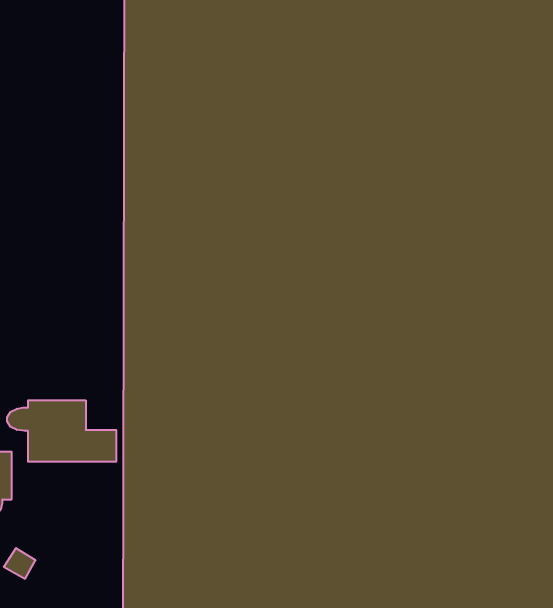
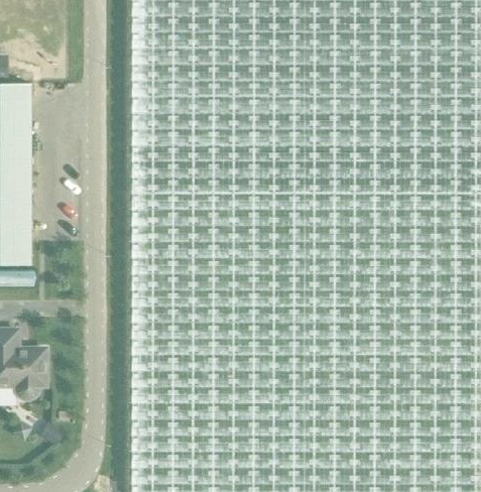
building: [7,400,116,462] -> none

